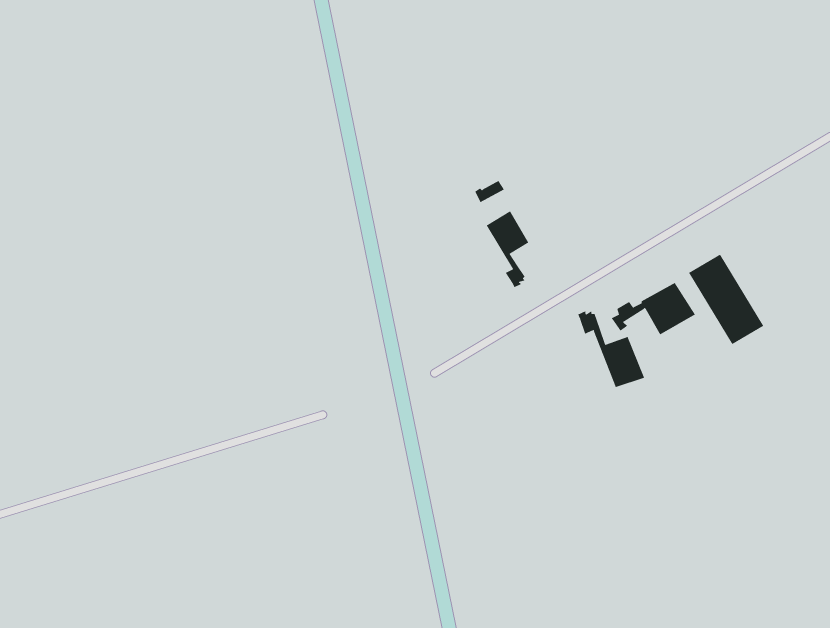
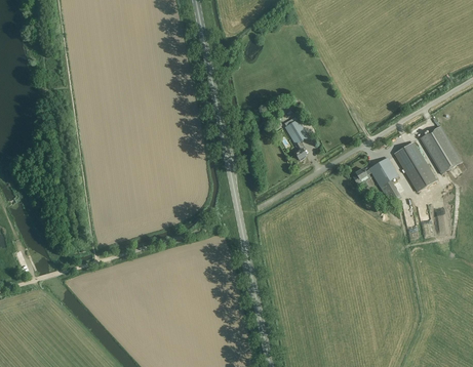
building: none -> [420,125,462,173]
building: [577,310,645,388] -> none

